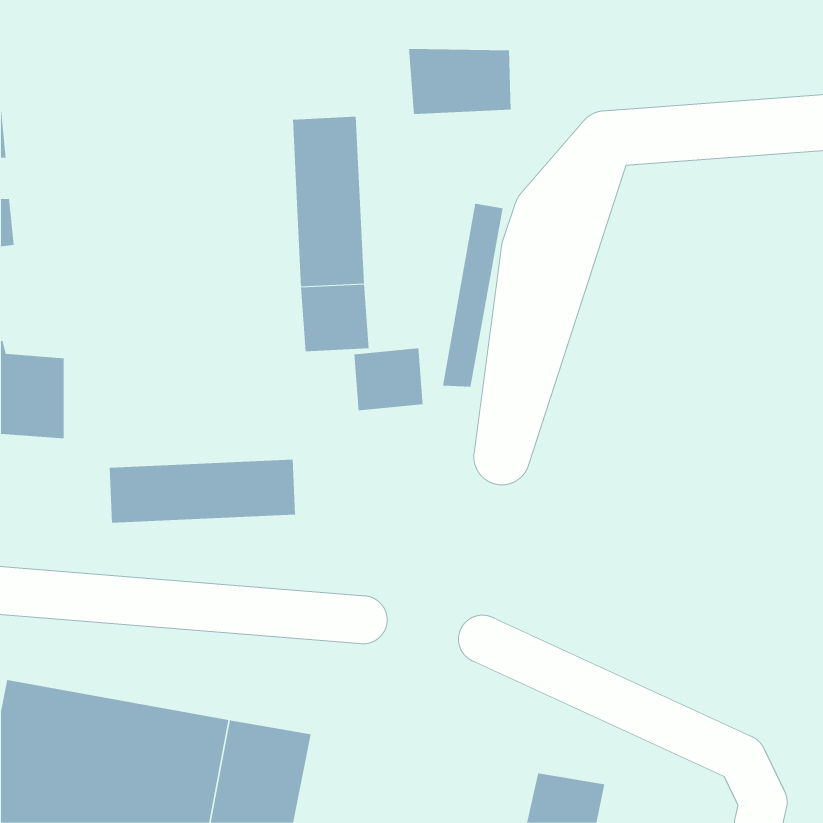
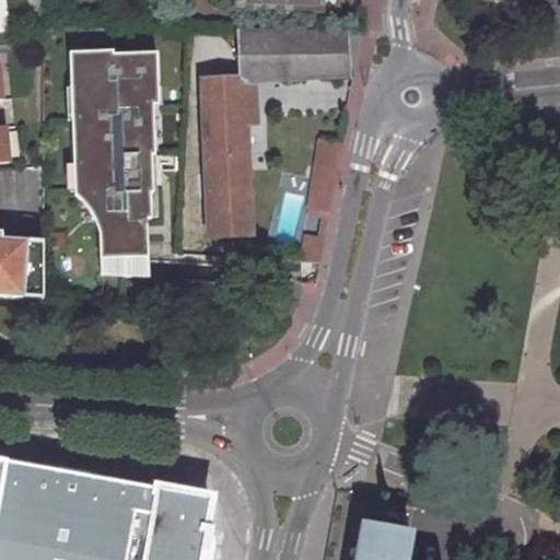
building: none -> [240,33,281,79]
building: none -> [69,47,160,277]
building: [354,347,423,411] -> none
building: [109,459,296,524] -> none

